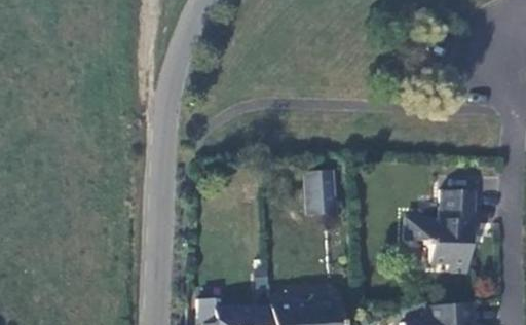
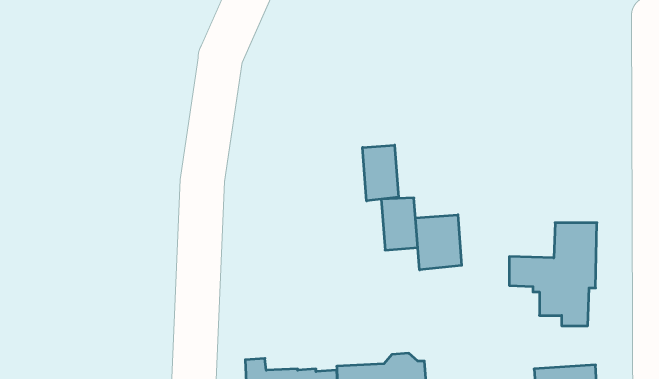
building: none -> [363,145,398,201]
building: none -> [416,215,462,270]

